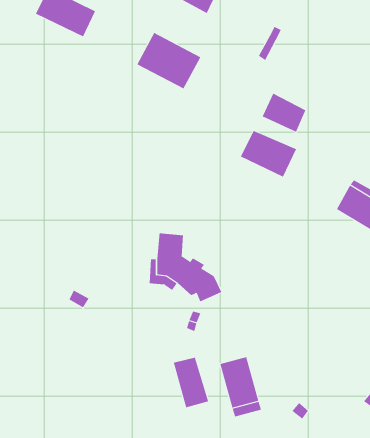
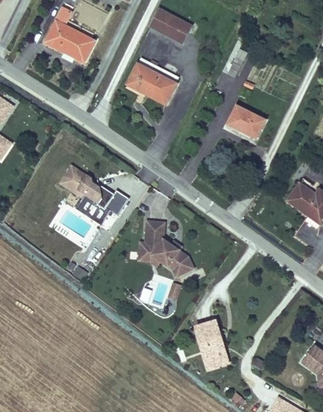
building: [240,130,297,178] -> none
building: none -> [58,164,127,216]
building: [173,357,209,408] -> none

